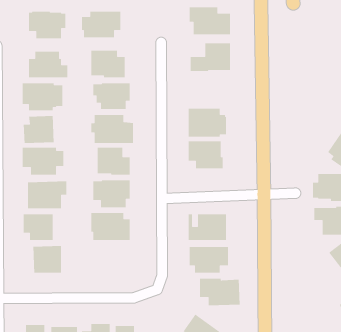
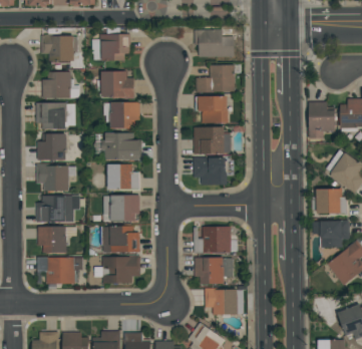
building: none -> [195,96,228,123]
building: none -> [308,101,334,138]
building: none -> [93,256,139,283]

